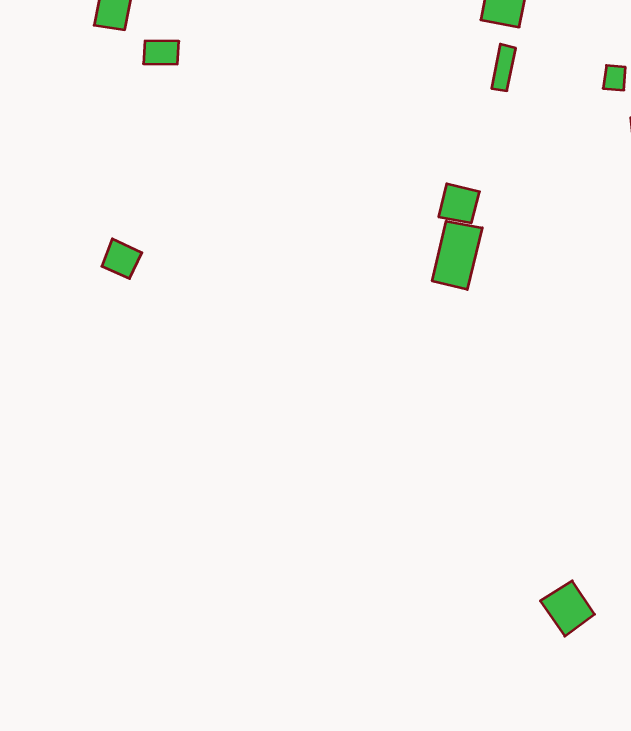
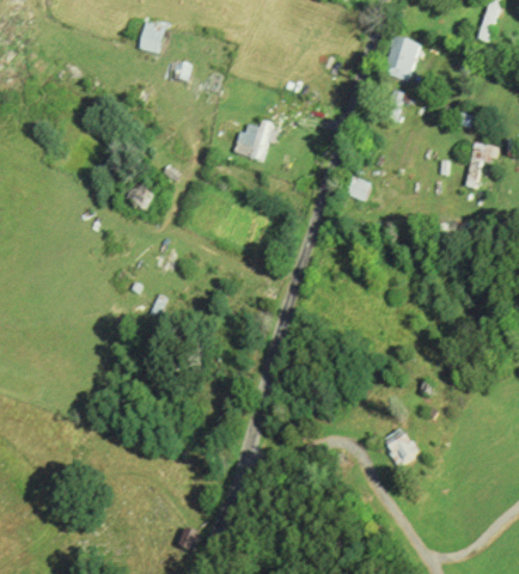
building: none -> [234,118,275,160]
building: [432,221,482,290] -> none

